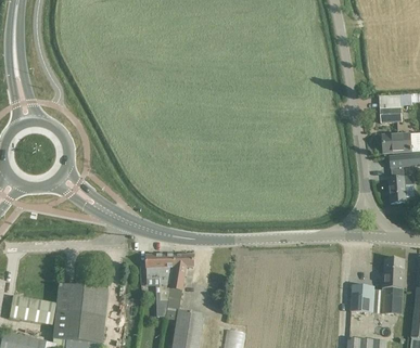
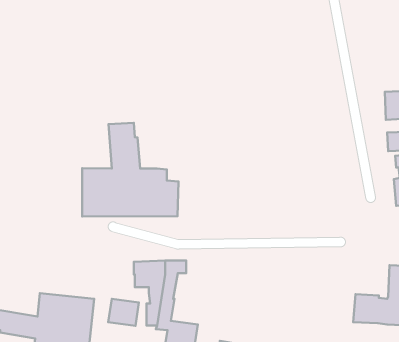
building: none -> [82,123,179,216]
building: none -> [108,299,139,326]

